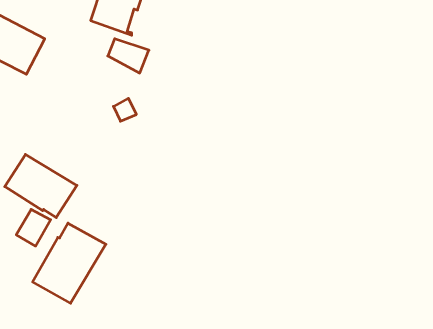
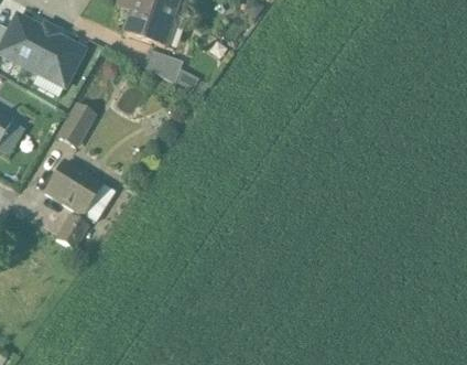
building: none -> [58,104,93,144]
building: [33,223,106,303] -> none

